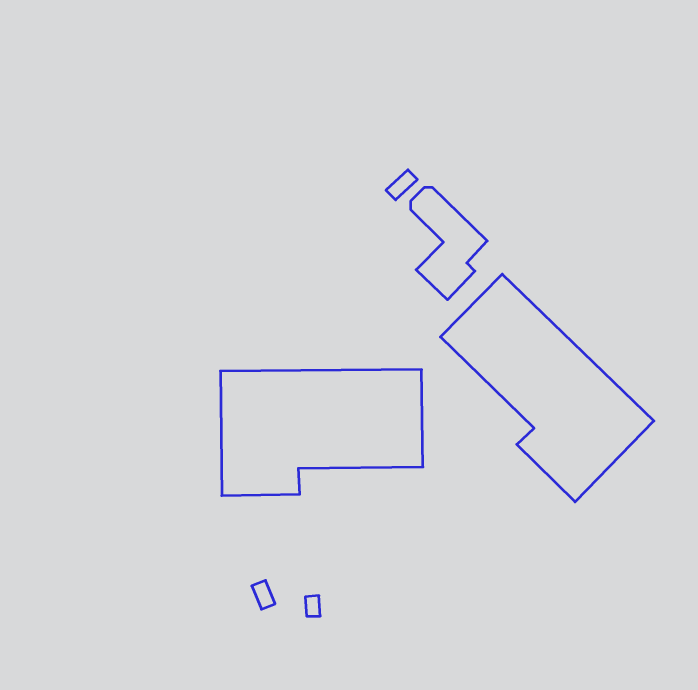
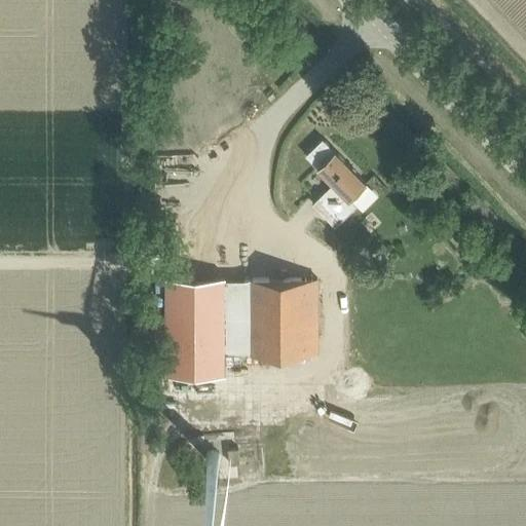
building: [440,274,654,502] -> none

